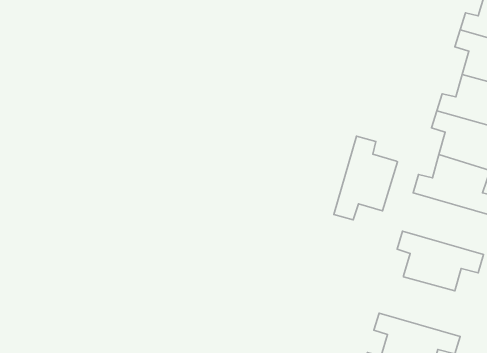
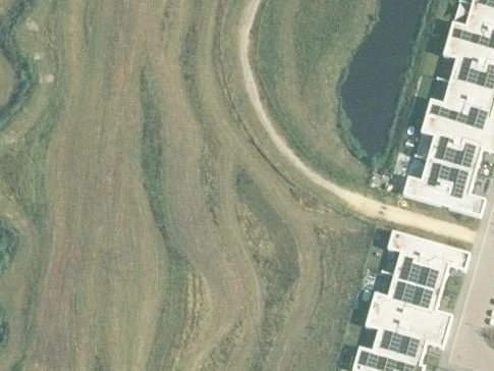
building: [334,136,398,220] -> none
building: none -> [370,274,451,331]

